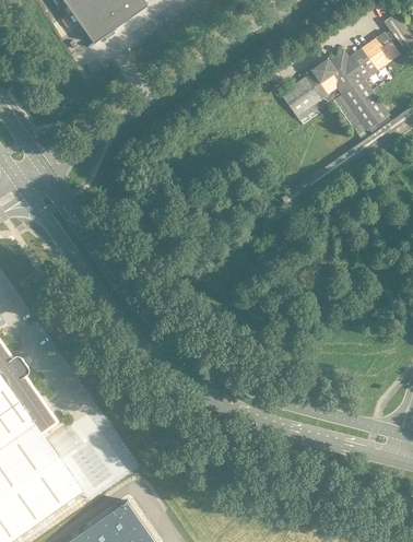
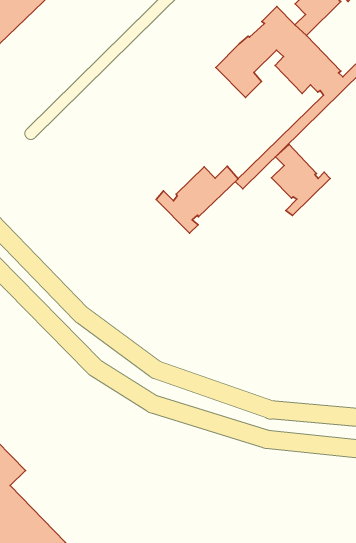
building: none -> [272,144,330,215]
building: none -> [156,166,238,233]

